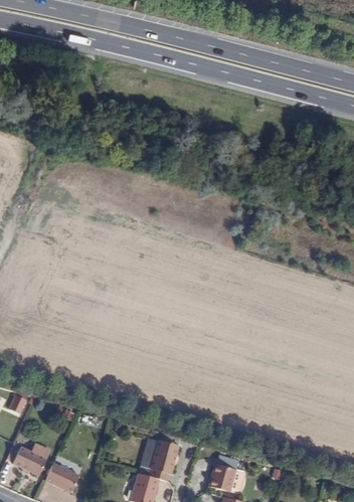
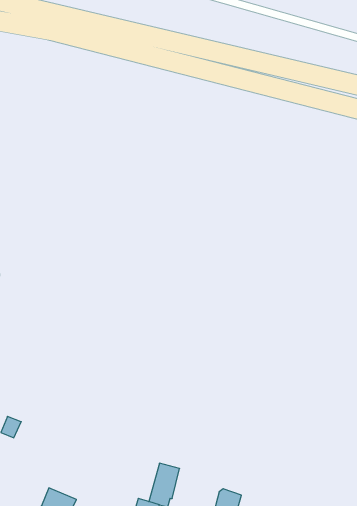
building: [12,446,46,475] -> none

